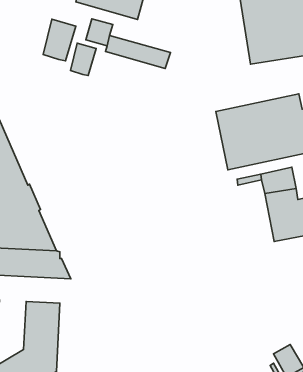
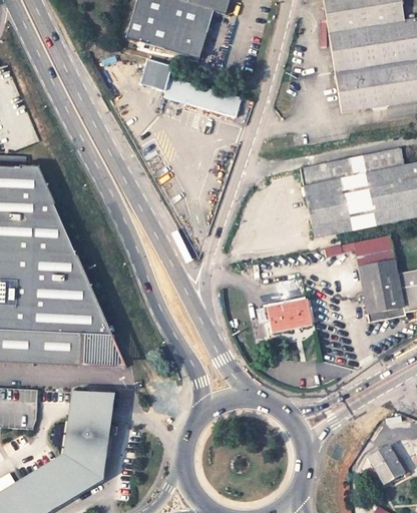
building: [43,19,76,61] -> none
building: [71,43,96,76] -> none
building: none -> [267,300,311,332]

